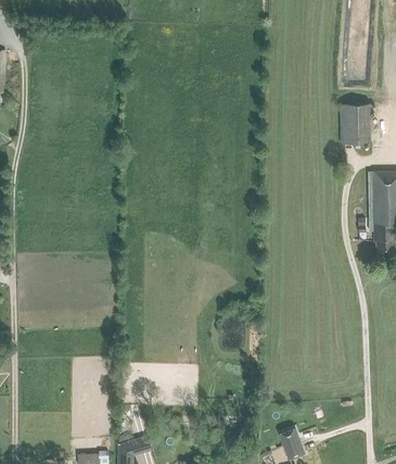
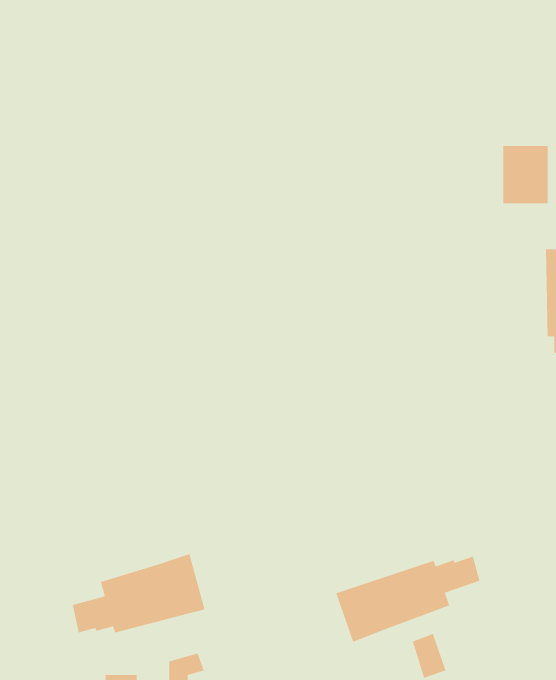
building: none -> [72,553,206,633]
building: none -> [335,556,480,643]

